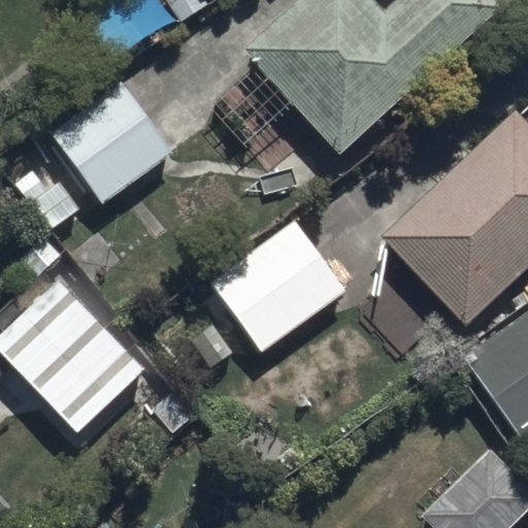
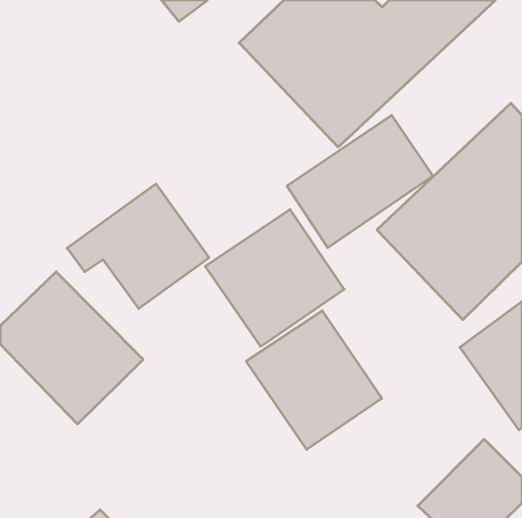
building: [31,79,174,205] -> [67,184,209,309]
building: none -> [287,115,433,248]
building: none -> [246,311,382,450]

